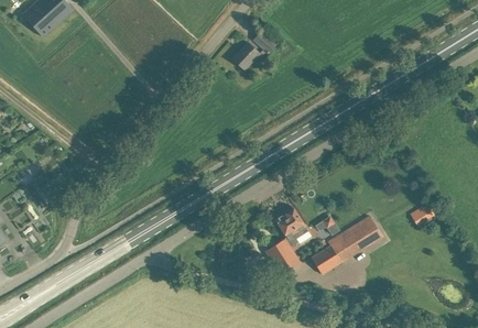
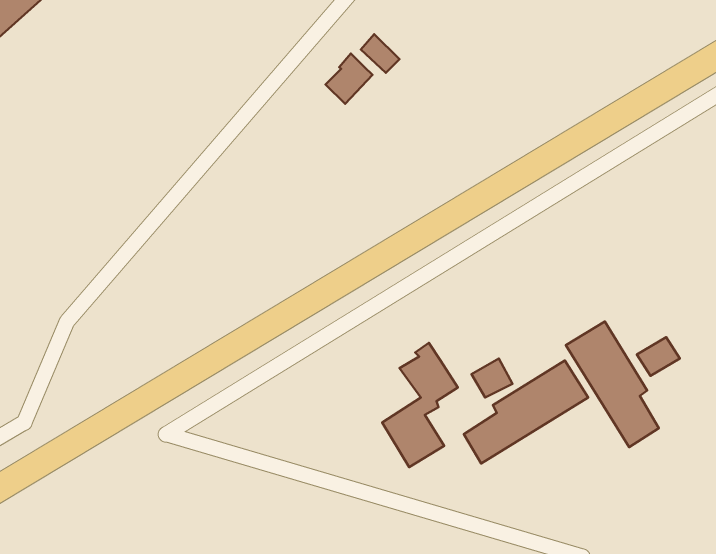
building: none -> [566,322,659,447]

